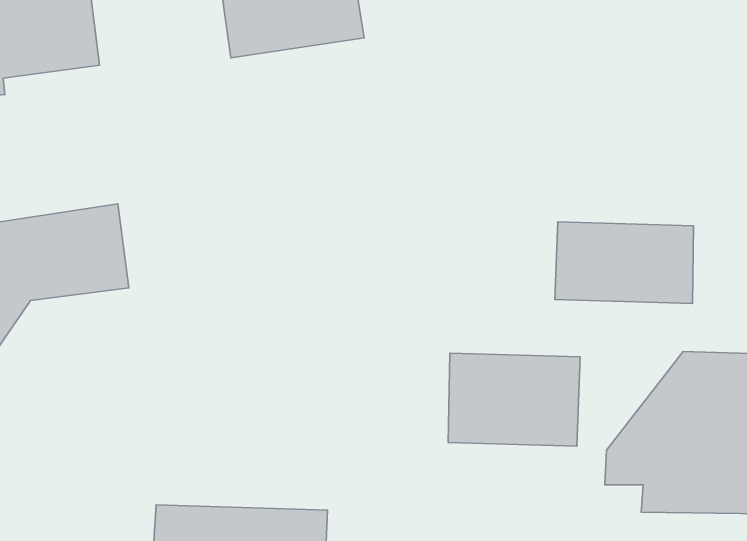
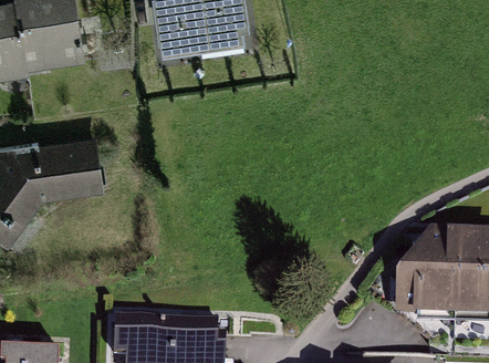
building: [555,222,694,303] -> none
building: [448,353,580,446] -> none

